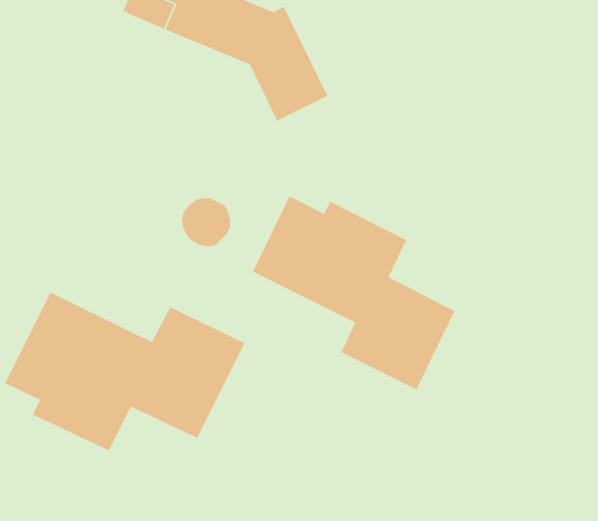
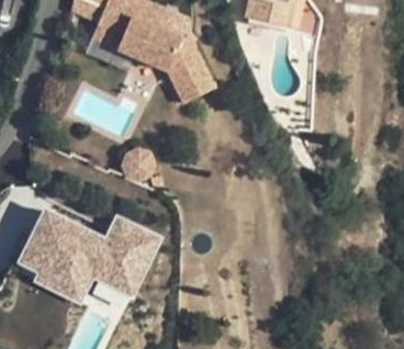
building: [252,195,455,391] -> none

